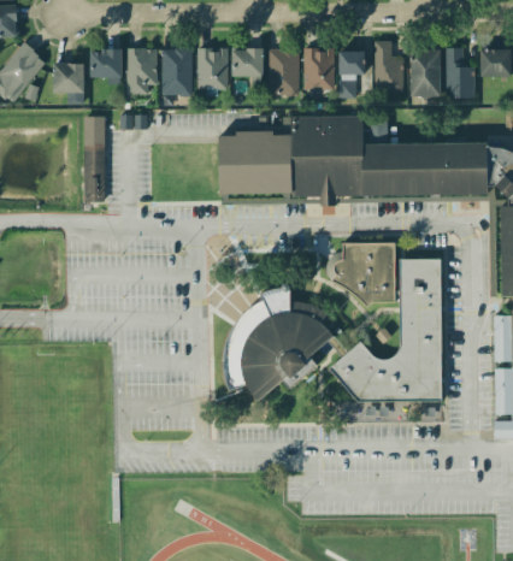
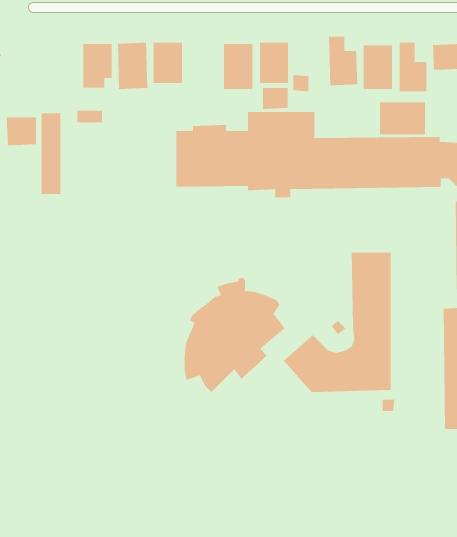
building: [231,47,263,77] -> none
building: [89,49,119,77] -> none
building: [338,51,365,73] -> [262,87,289,110]
building: [51,63,82,93] -> [6,116,37,146]
building: none -> [379,102,426,135]
building: [326,243,393,307] -> none

